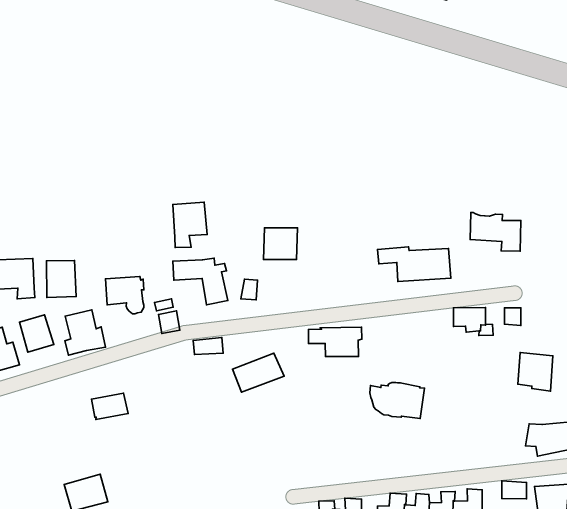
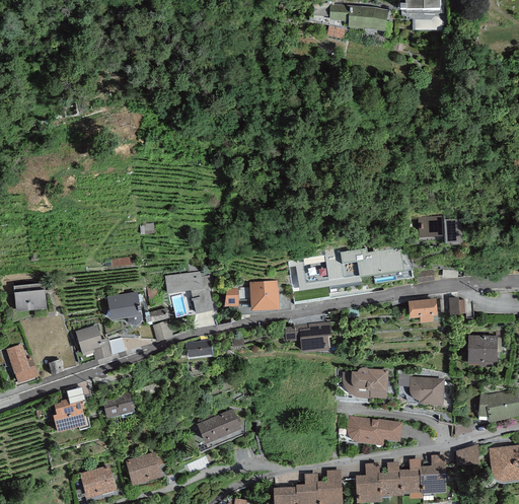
building: [173,202,207,248] -> none
building: [263,228,298,260] -> [249,281,279,310]
building: [46,260,76,297] -> none
building: [19,315,54,352] -> none
building: [233,353,284,392] -> [202,411,246,446]
building: none -> [53,399,86,431]
building: none -> [409,377,445,404]
building: none -> [350,420,406,446]
building: none -> [132,451,171,486]

